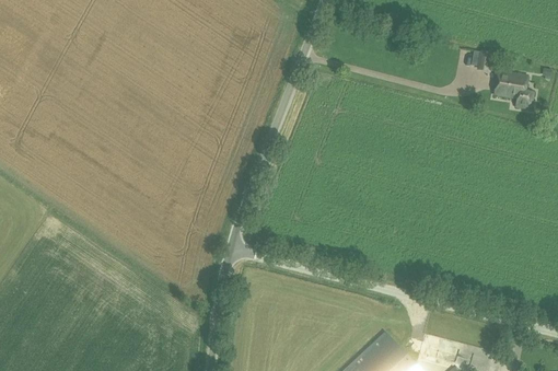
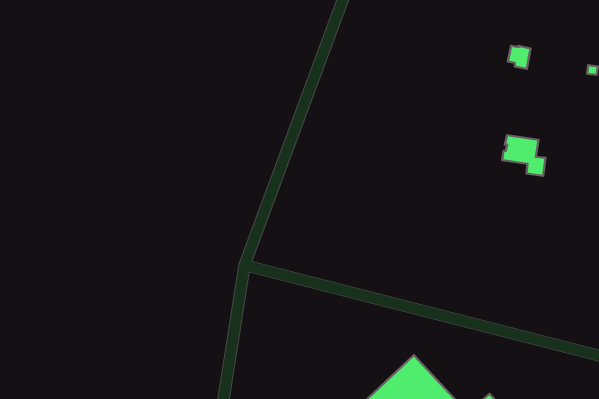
building: [495,70,534,107] -> [502,135,546,176]

